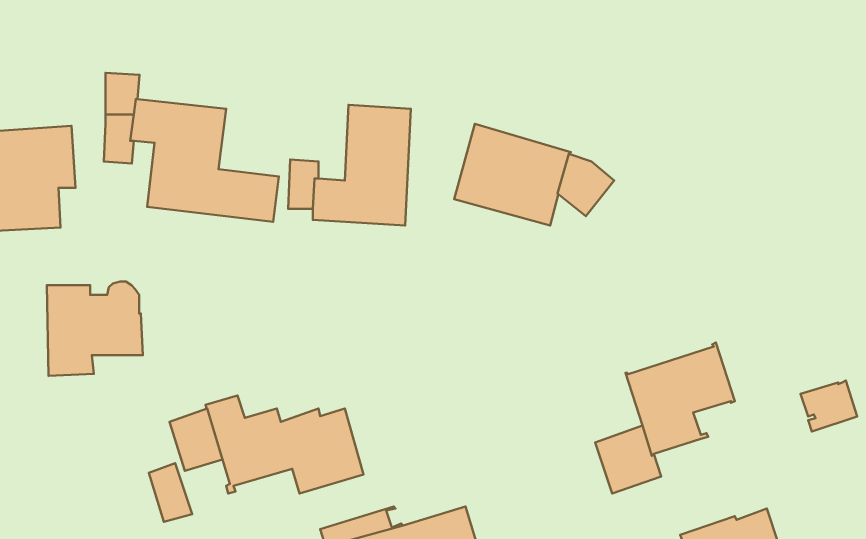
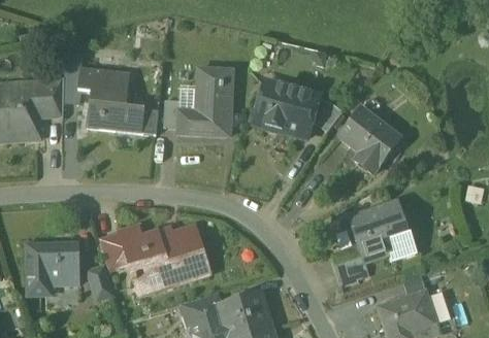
building: none -> [45,80,64,115]
building: none -> [337,108,399,173]
building: [47,282,143,376] -> [24,243,76,295]
building: [801,381,857,431] -> [386,231,417,259]

